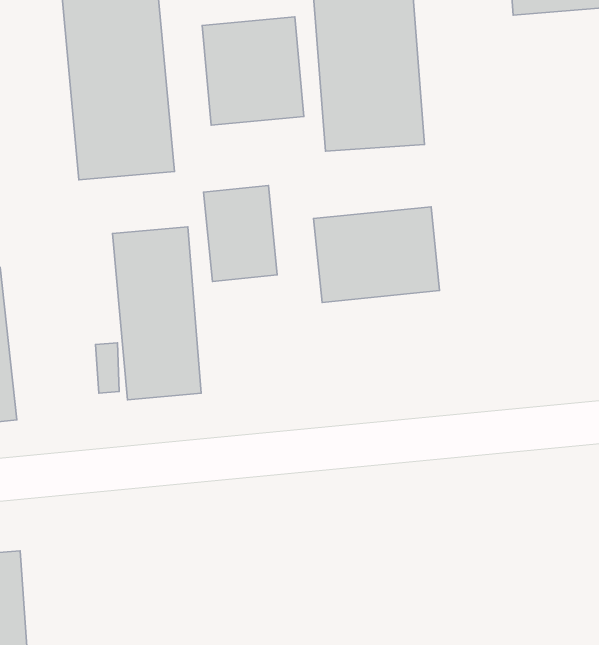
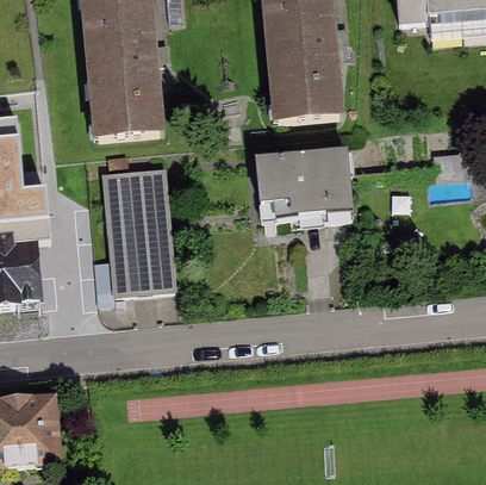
building: [202,17,304,125] -> none
building: [203,186,277,281] -> none

